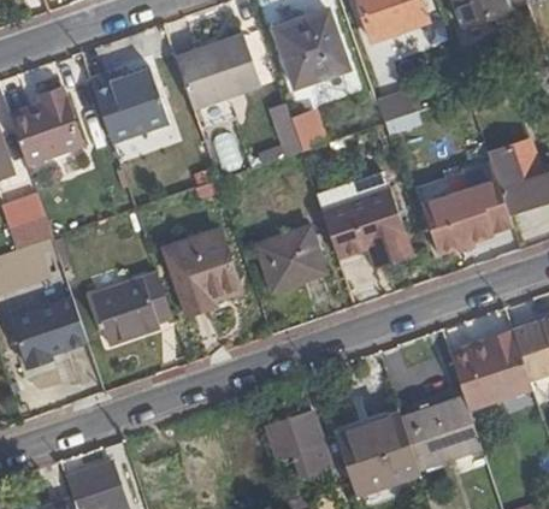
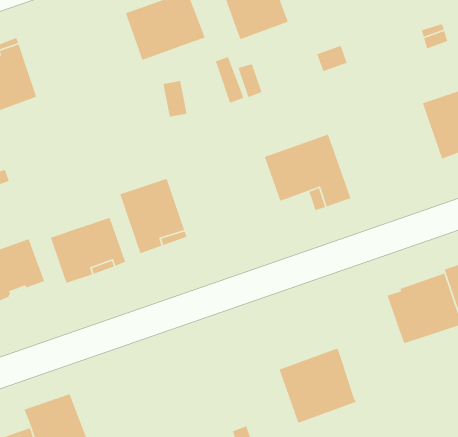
building: [89,69,170,143] -> none
building: [420,148,513,256] -> none
building: [256,229,325,292] -> none
building: [401,396,480,467] -> none
building: [268,412,330,474] -> none

